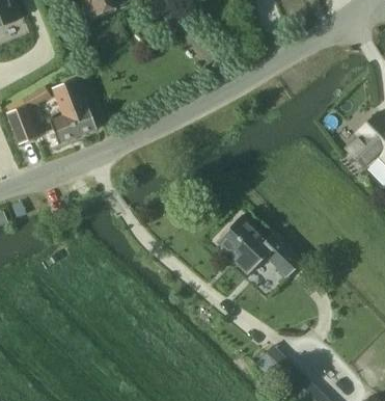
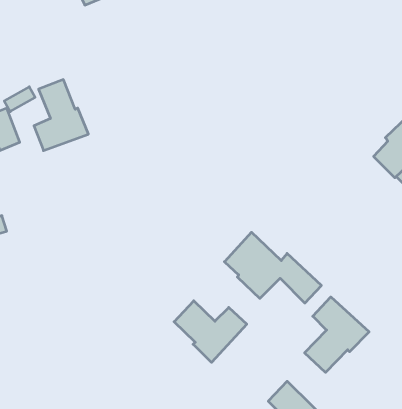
building: none -> [305,297,369,372]
building: none -> [174,301,247,362]

